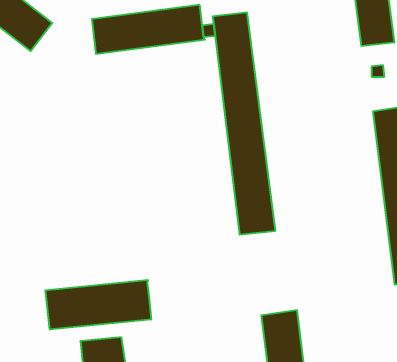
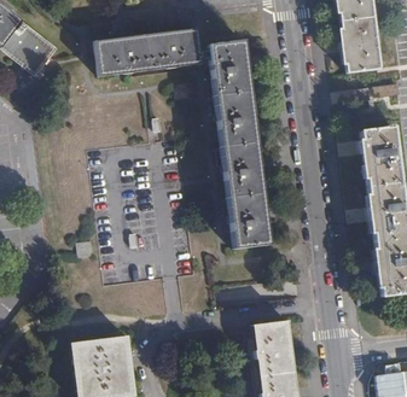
building: [45,280,151,330] -> none

